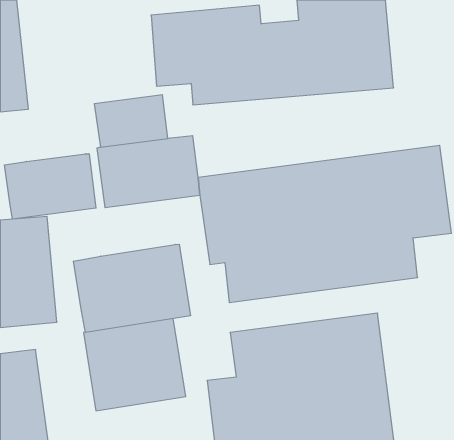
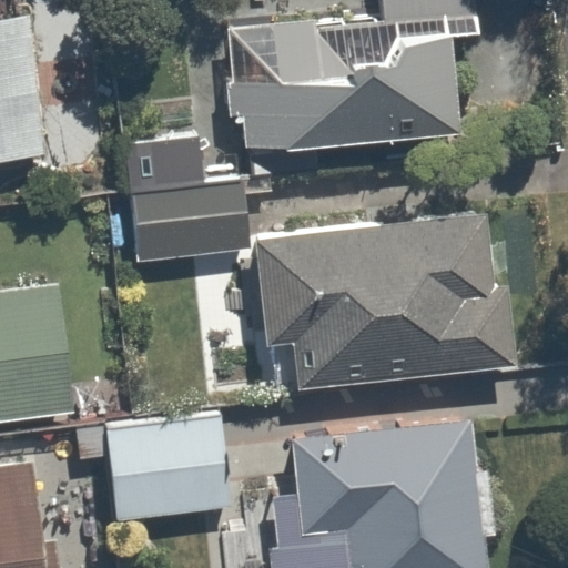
building: [5,154,96,219] -> none
building: [74,244,190,332] -> none

